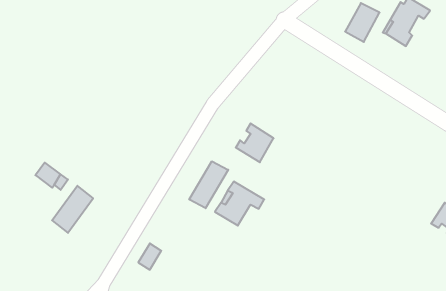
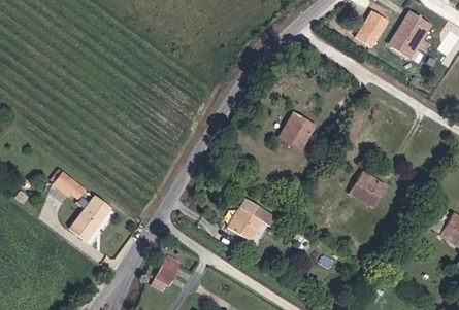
building: [236,123,274,162] -> [280,111,317,149]
building: none -> [350,172,387,208]
building: [189,161,228,208] -> none

